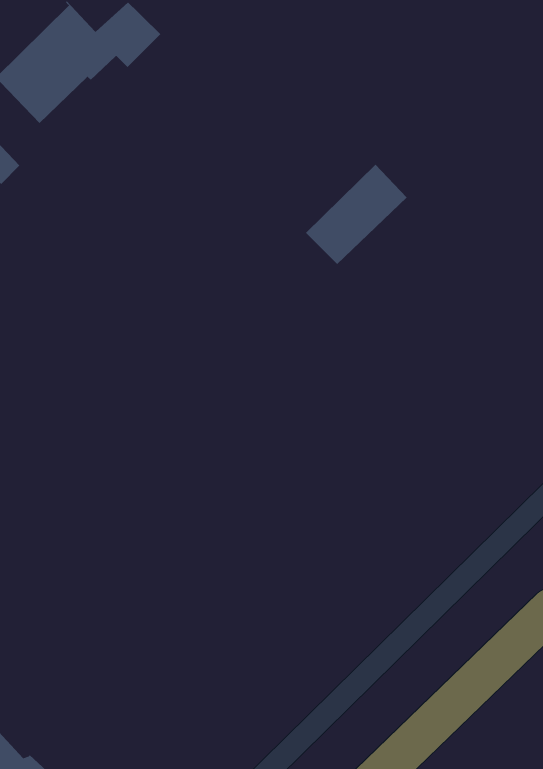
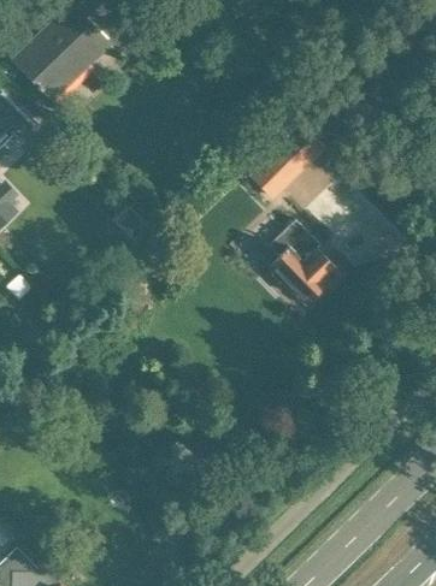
building: none -> [267,209,338,303]

